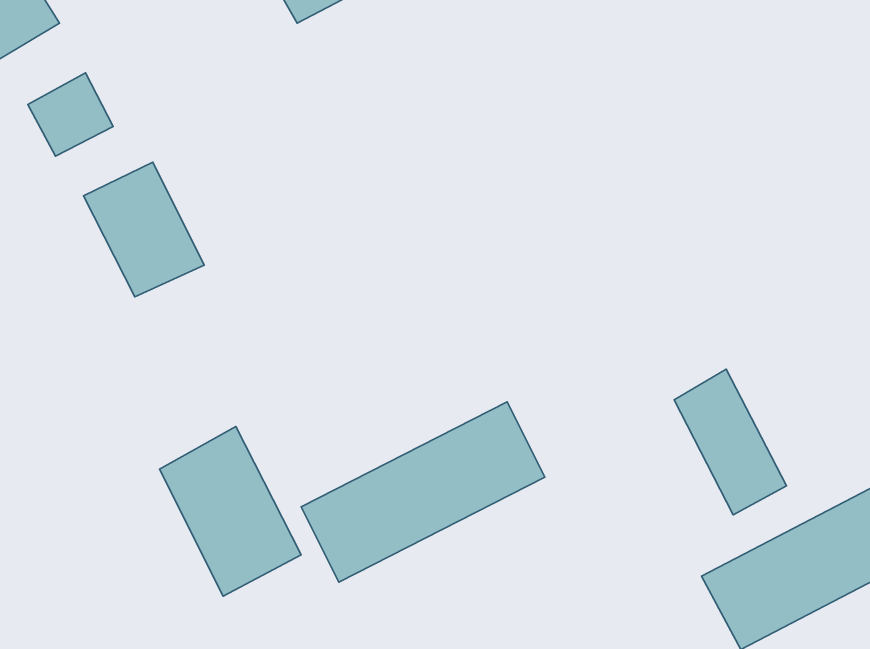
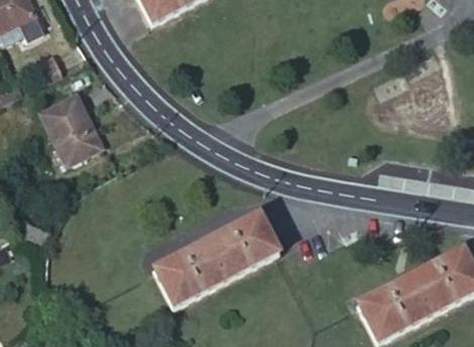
building: [674,369,787,515] -> none
building: [160,426,301,596] -> none

